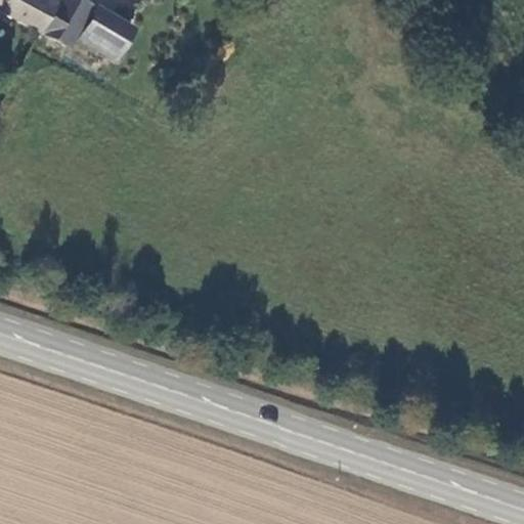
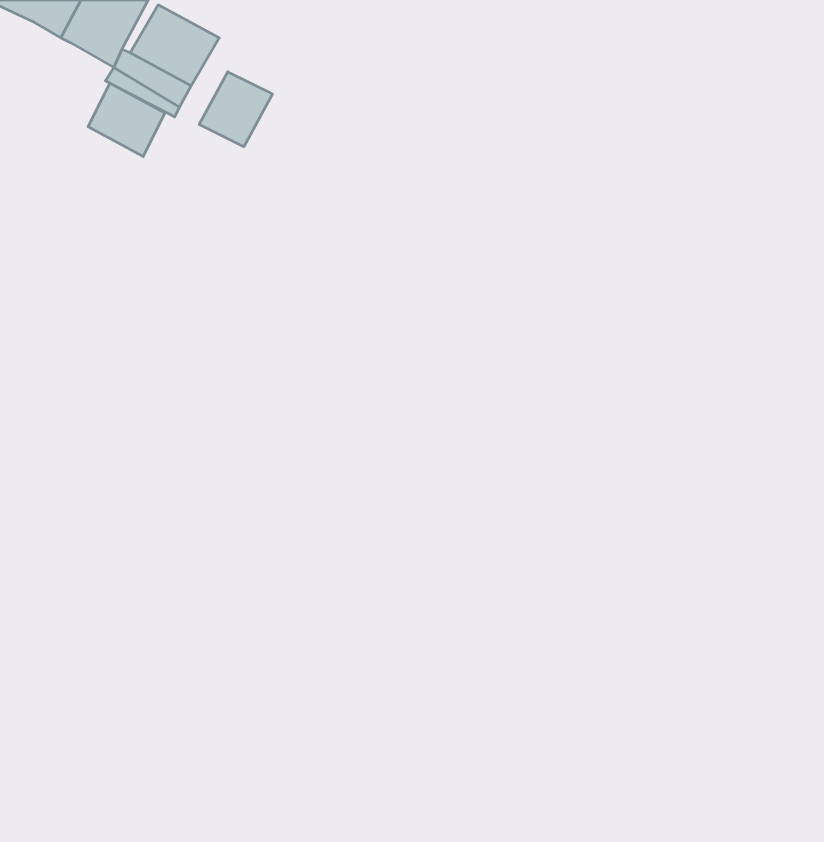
building: none -> [199,72,272,147]
building: none -> [88,83,165,157]

